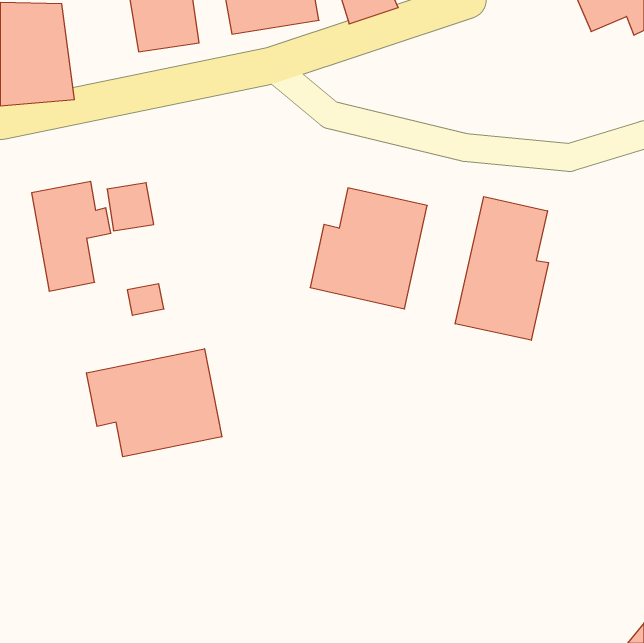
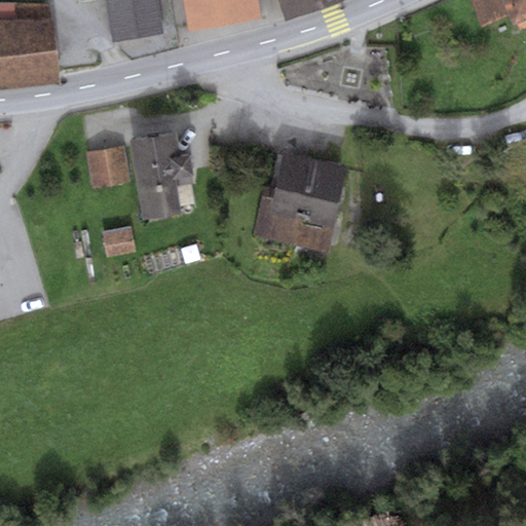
building: [32,181,111,291] -> [128,130,193,220]
building: [455,197,549,340] -> none
building: [87,349,222,457] -> none

